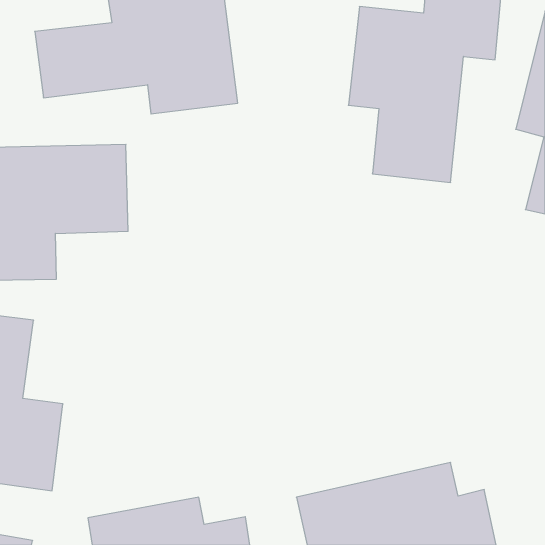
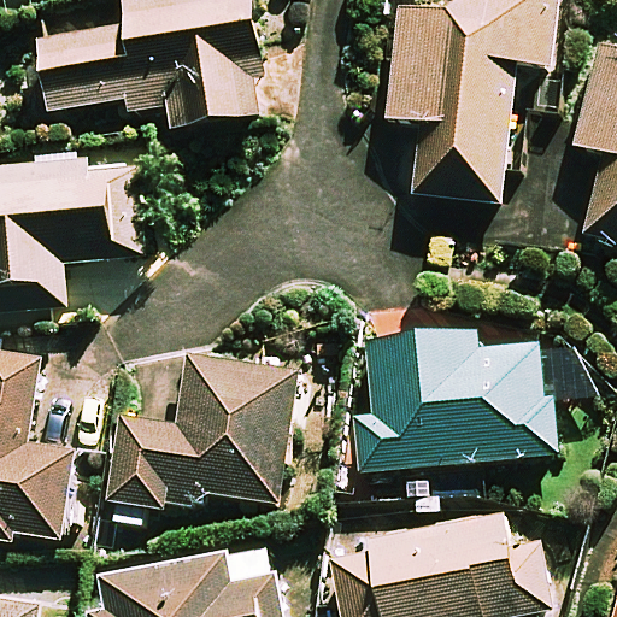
building: none -> [363,334,586,468]
building: none -> [104,357,295,522]

